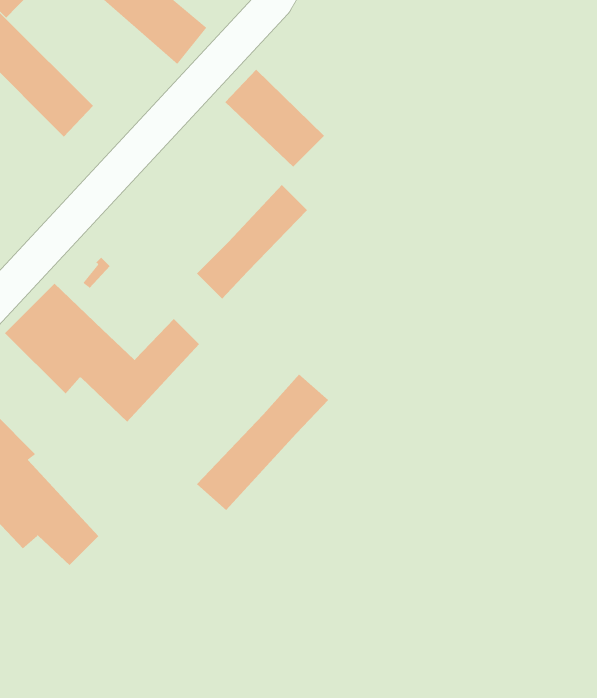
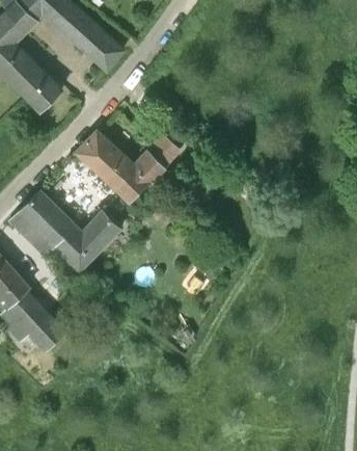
building: [224,69,325,167] -> [79,132,135,187]
building: [196,373,329,511] -> none

